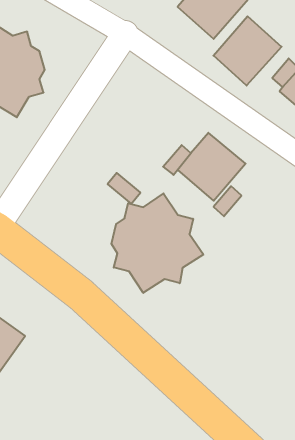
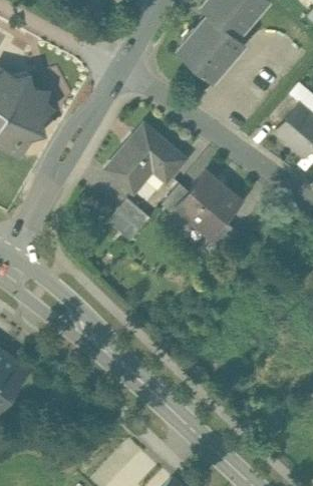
building: [213,16,282,86] -> none
building: none -> [107,125,186,192]
building: none -> [117,198,151,230]
building: [112,193,203,293] -> none

